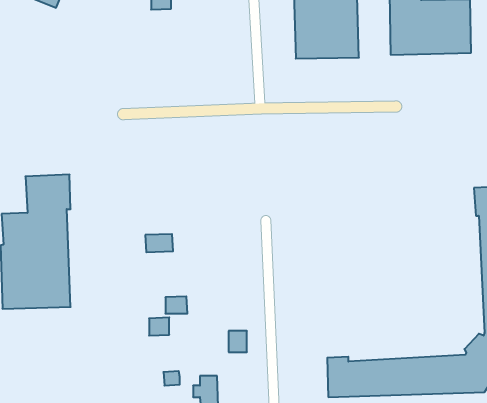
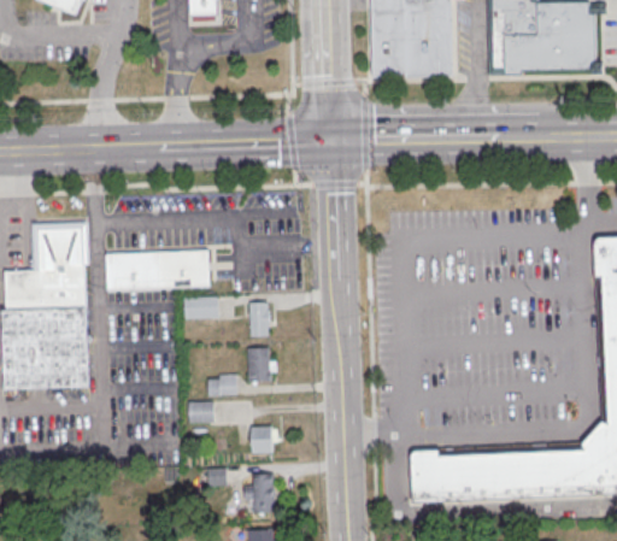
building: none -> [105,249,208,288]
building: none -> [249,302,269,337]
building: none -> [247,348,271,382]
building: [229,331,247,352] -> [249,425,272,452]

